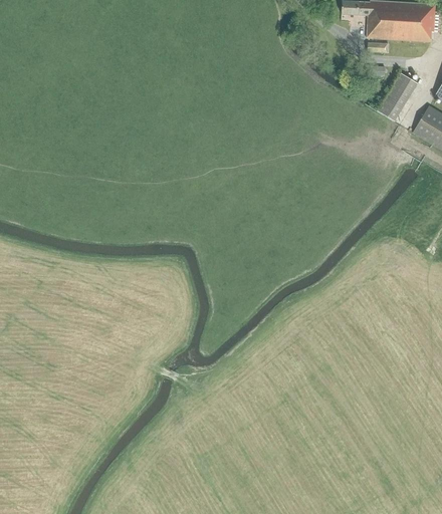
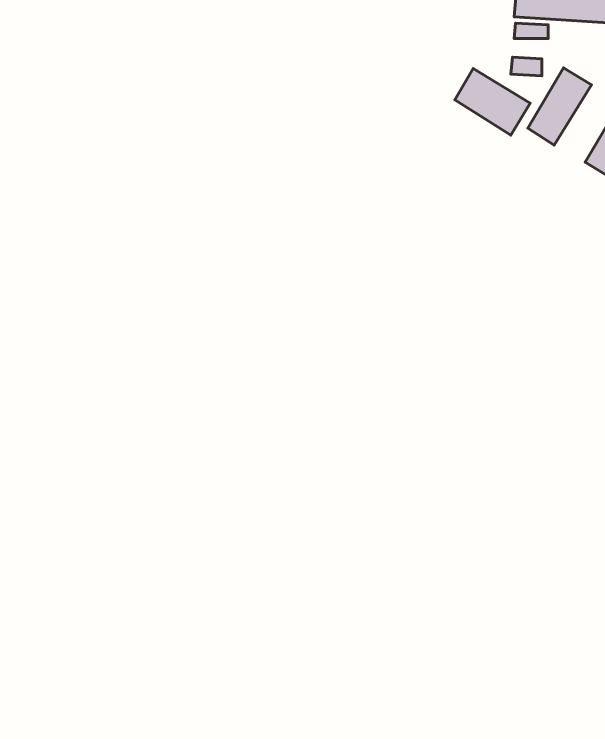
building: none -> [455,69,530,135]

